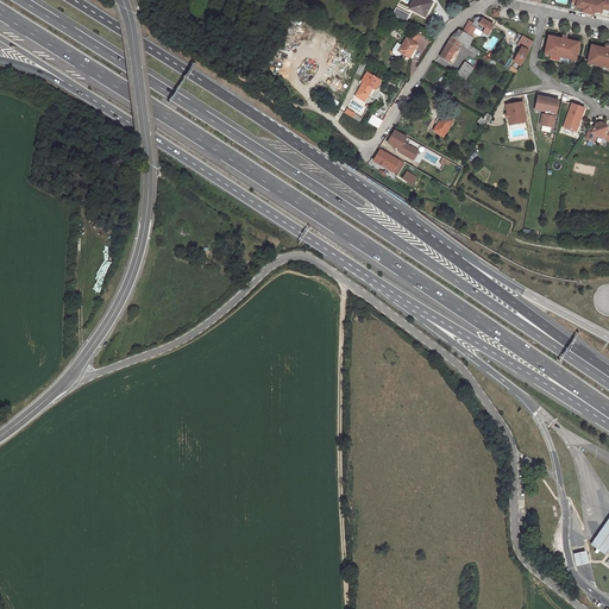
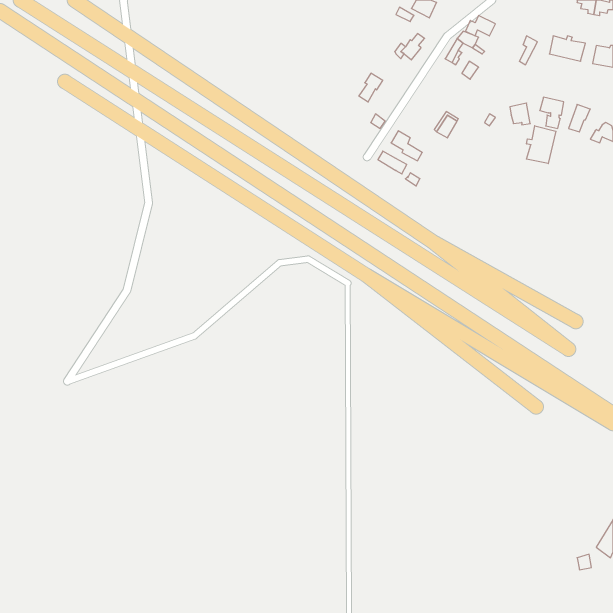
building: none -> [526,126,556,164]

